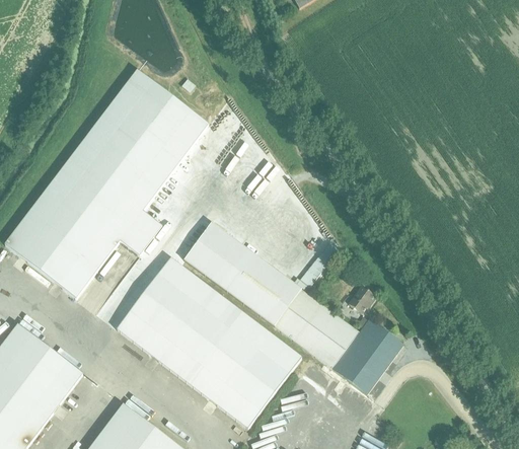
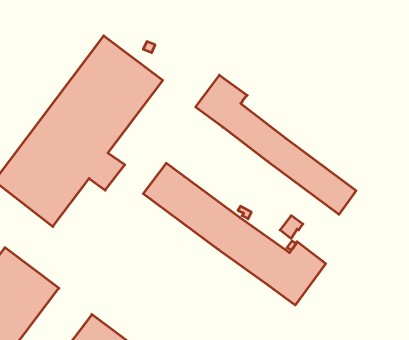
building: none -> [196,75,356,214]
building: [117,258,302,429] -> none

